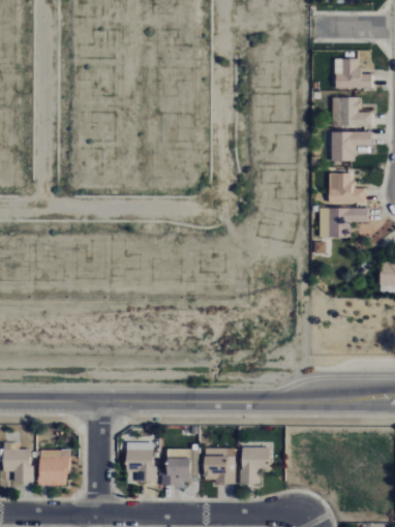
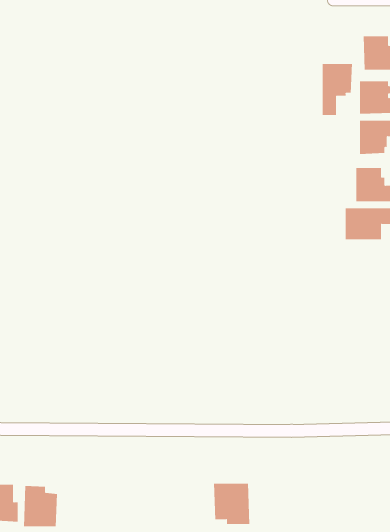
building: none -> [322,63,352,116]
building: [127,441,158,482] -> none
building: [241,446,271,484] -> none
building: [162,448,191,485] -> none

